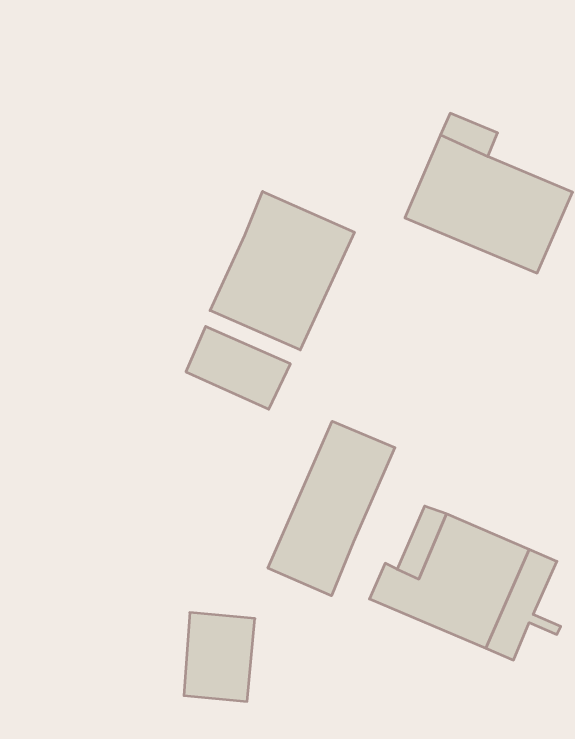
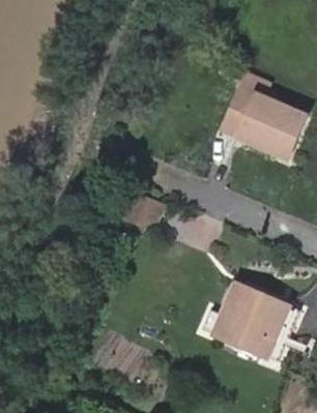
building: [210,191,354,350] -> none
building: [268,421,395,596] -> none

